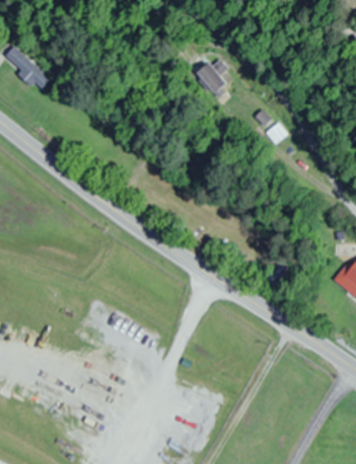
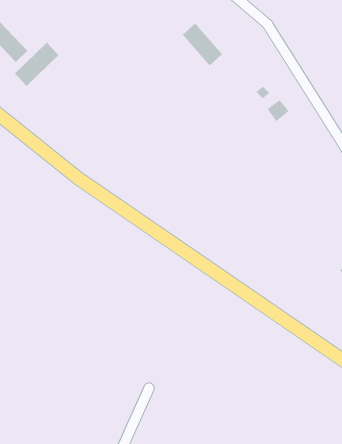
building: none -> [14,42,59,87]

